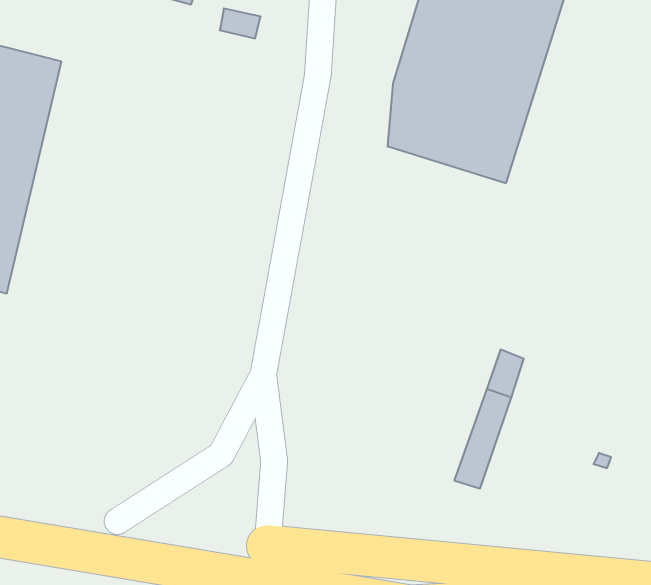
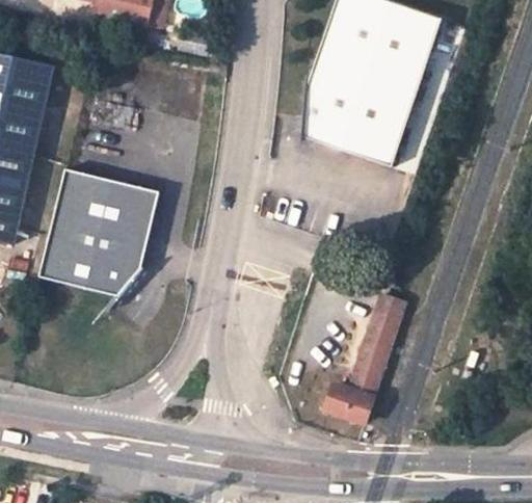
building: none -> [37,164,160,296]
building: none -> [325,385,373,426]

